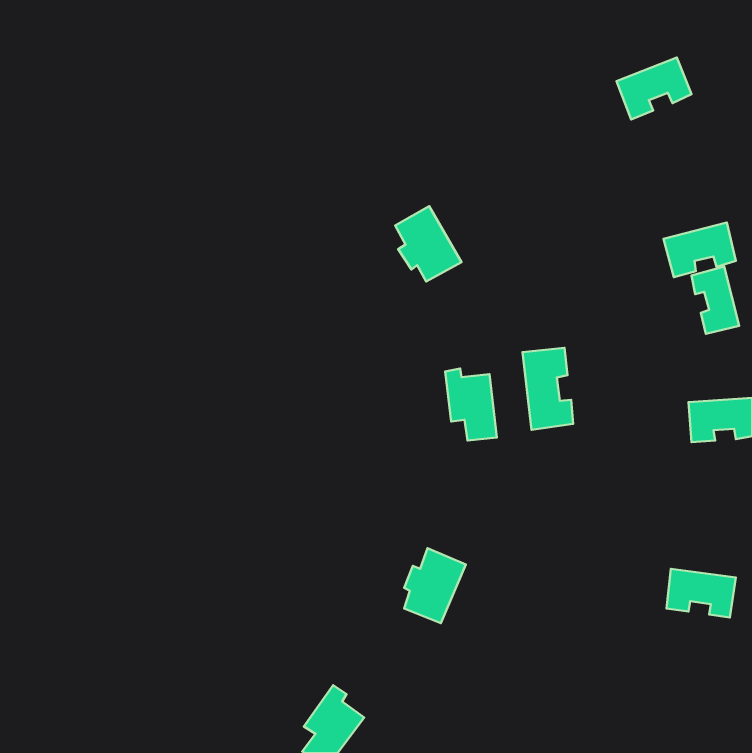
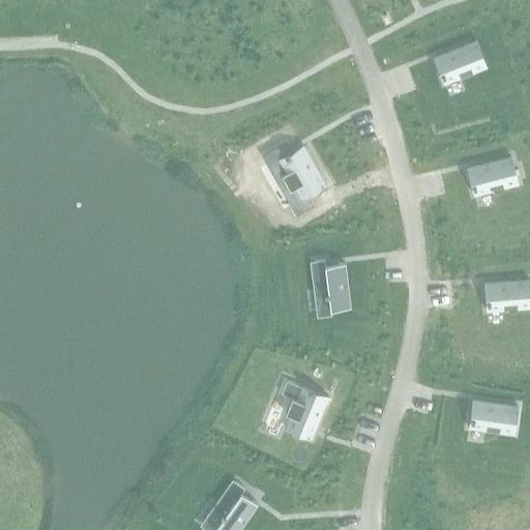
building: [691,266,739,334] -> none
building: [522,348,573,430] -> none

